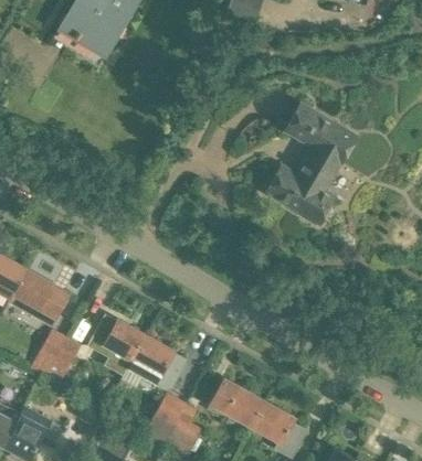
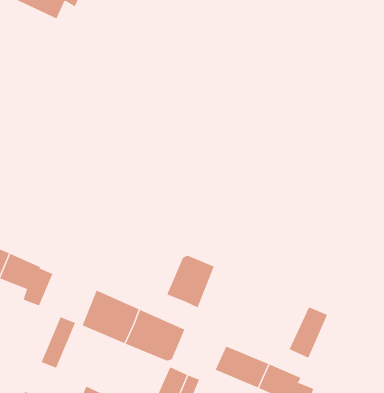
building: [267,104,356,223] -> none
building: none -> [166,255,214,308]
building: [30,326,68,377] -> none
building: none -> [289,307,328,359]

